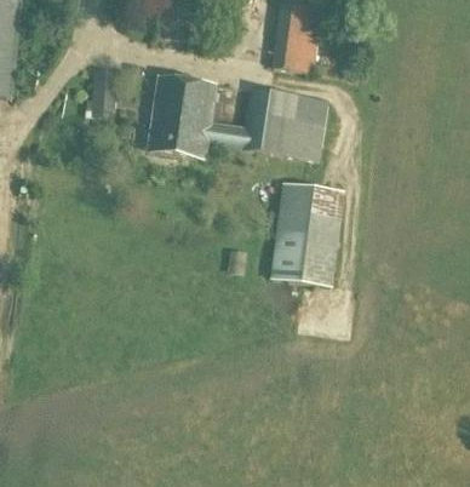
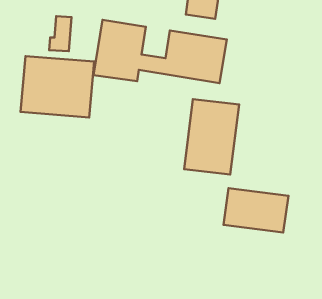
building: none -> [20,56,94,117]
building: none -> [223,188,288,232]

